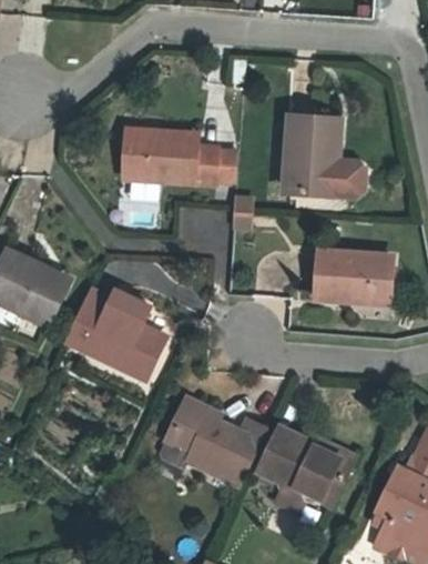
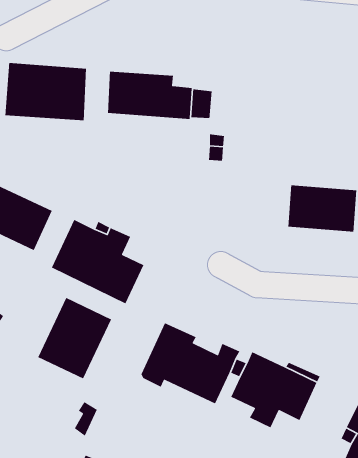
building: [286,115,365,195] -> none
building: none -> [5,62,87,121]
building: none -> [37,297,112,380]

